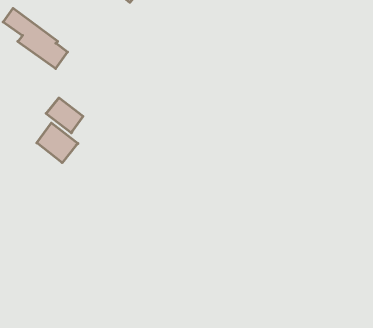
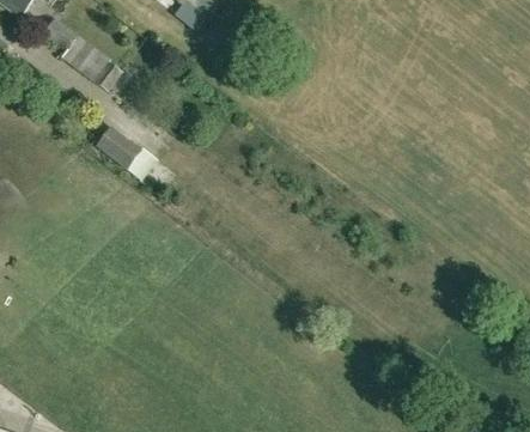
building: [37,123,78,163] -> none

